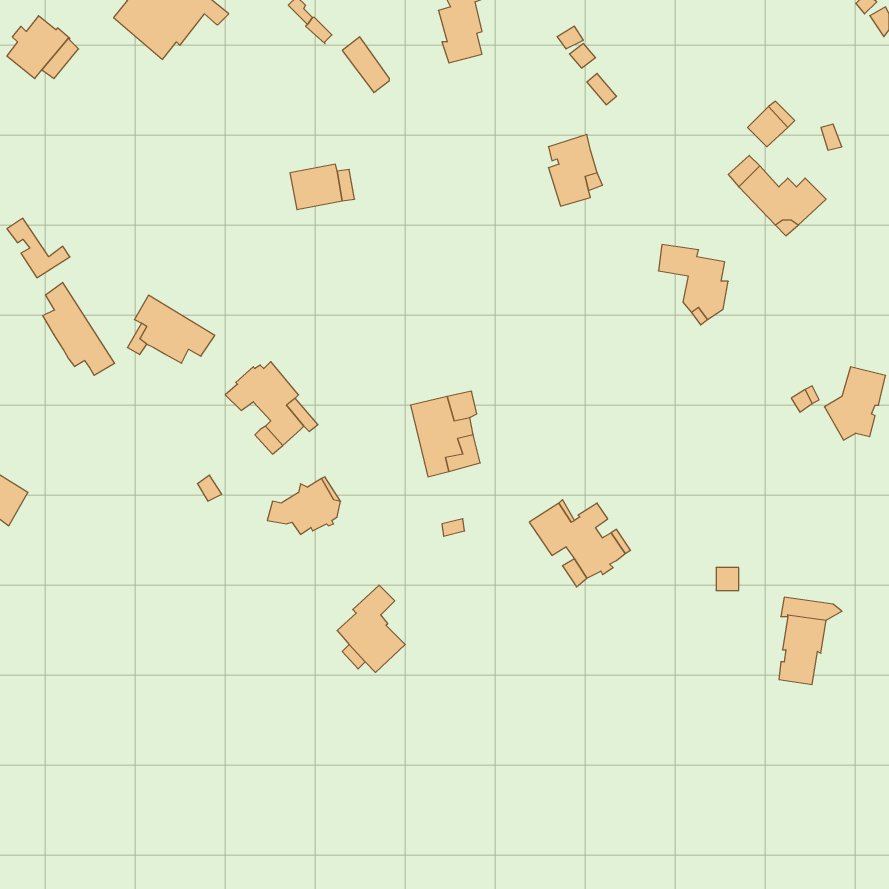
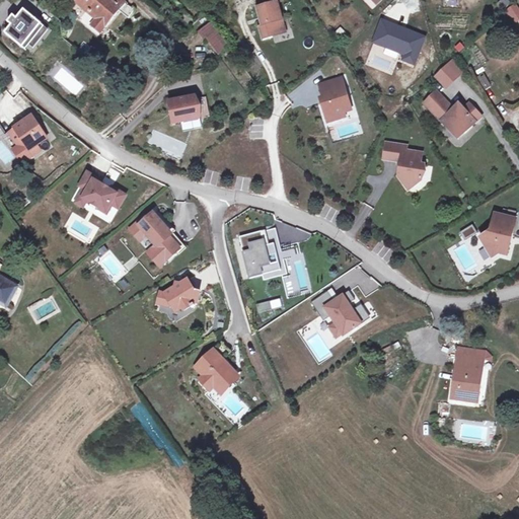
building: none -> [372,19,423,63]
building: none -> [13,115,46,149]
building: [43,282,115,375] -> none

